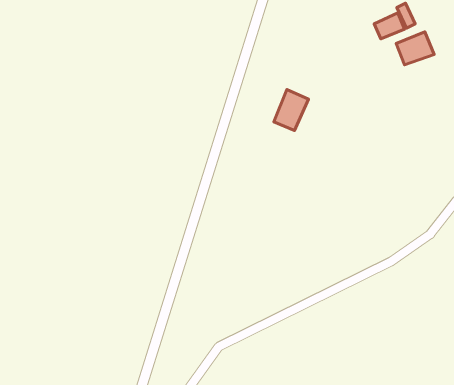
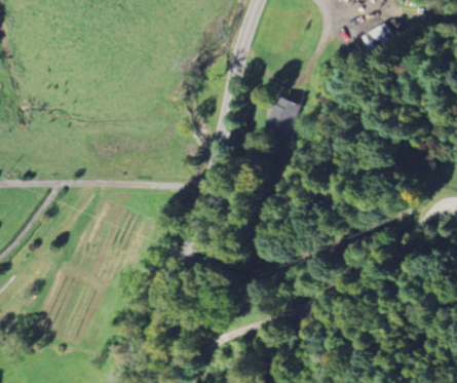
building: [396,32,434,65] -> none

